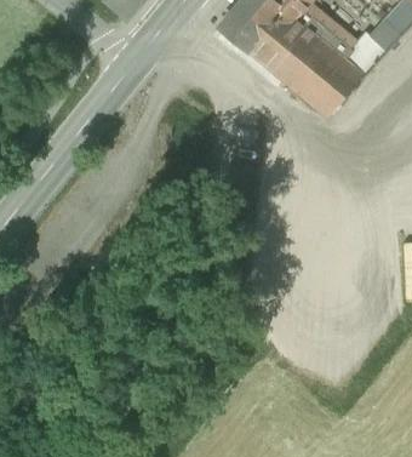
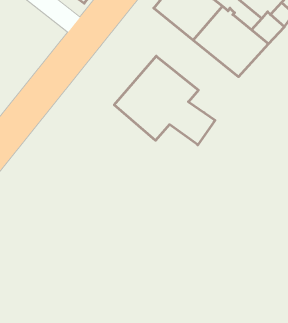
building: none -> [114,56,215,145]

